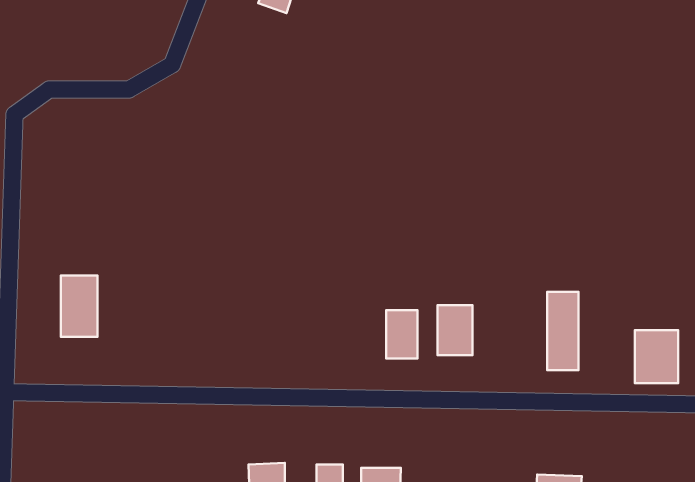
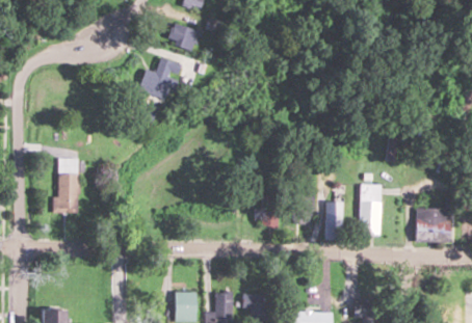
building: none -> [165,23,198,52]
building: none -> [138,57,179,100]
building: none -> [326,201,342,240]

